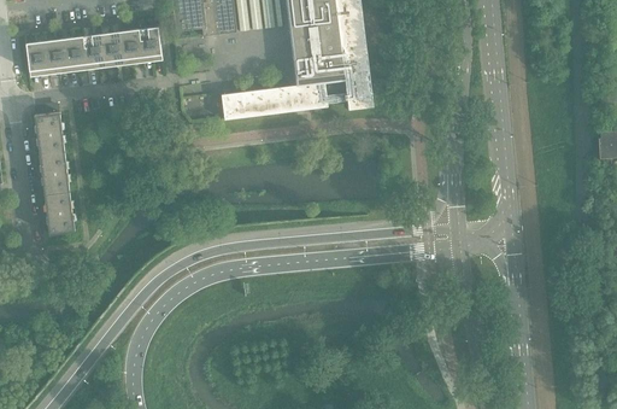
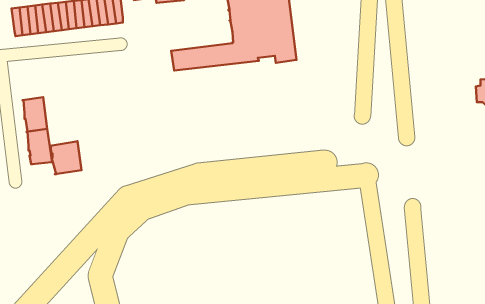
building: [34,103,64,154] -> none
building: none -> [51,141,82,174]

